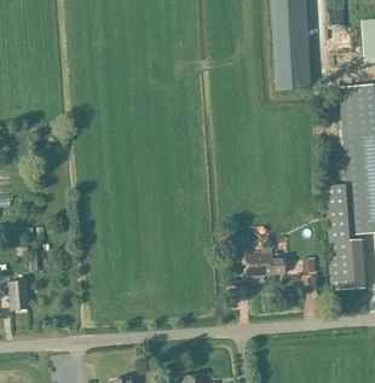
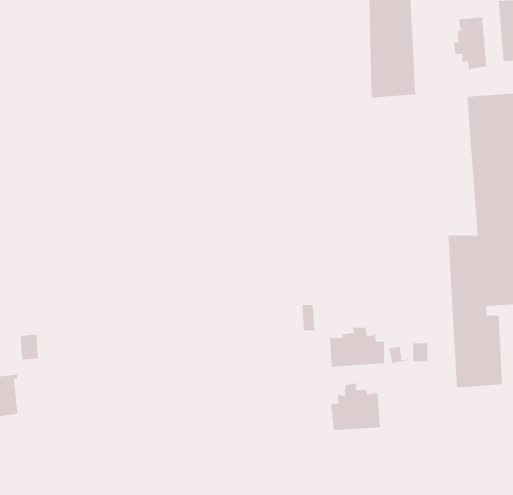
building: none -> [453,17,487,70]
building: none -> [331,383,380,431]

